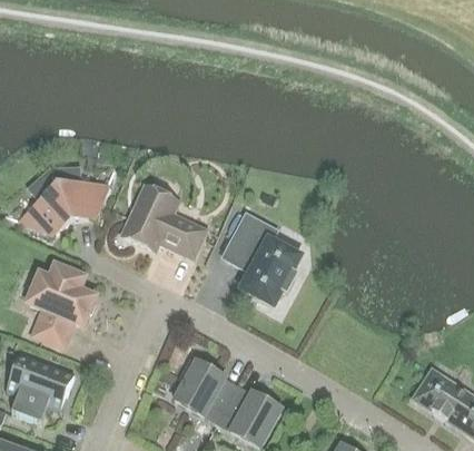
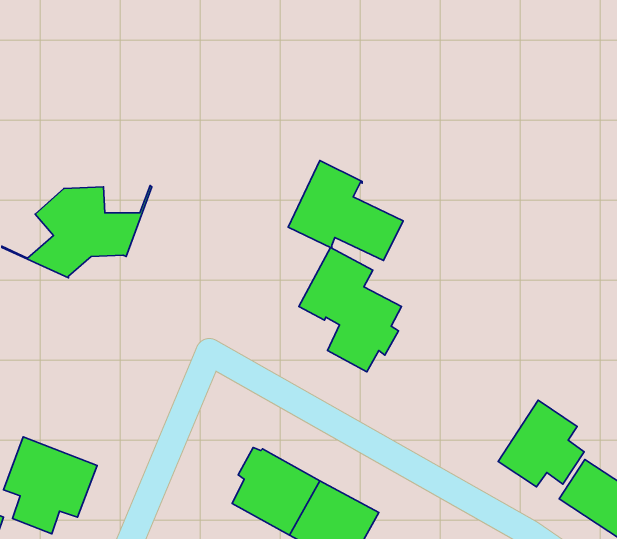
building: [122,184,207,257] -> [288,160,403,260]
building: [29,267,96,343] -> none
building: none -> [498,400,584,487]

